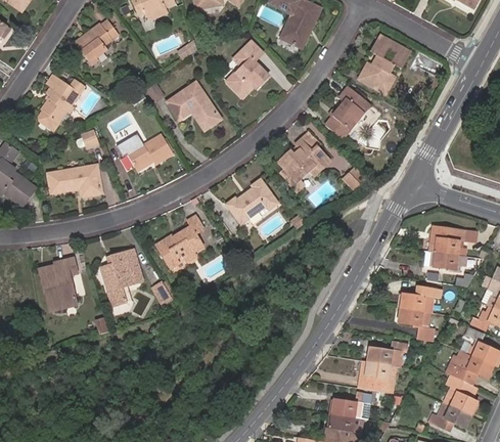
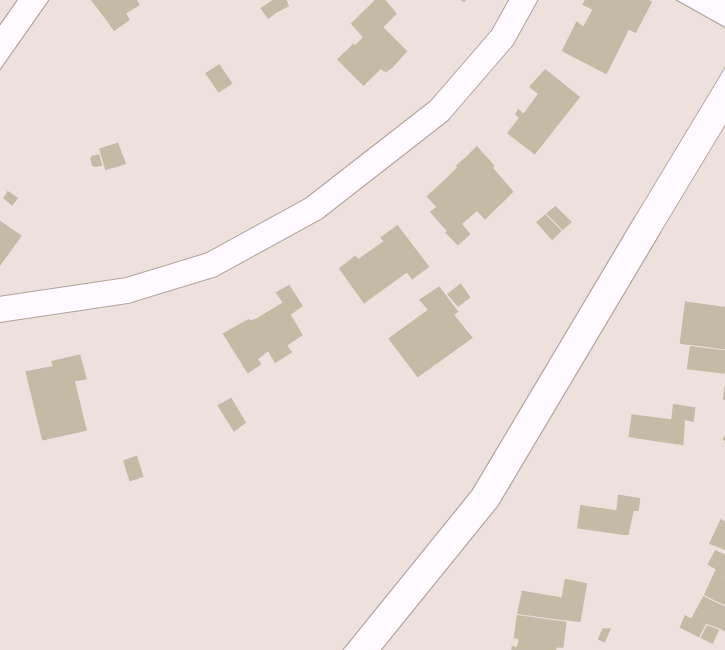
building: [39,74,84,131] -> none
building: [166,81,220,129] -> none
building: [118,136,171,172] -> none
building: [48,164,101,194] -> none
building: none -> [387,285,474,379]
building: [100,250,142,305] -> none
building: [398,307,434,340] -> none
building: [357,360,396,392] -> none

